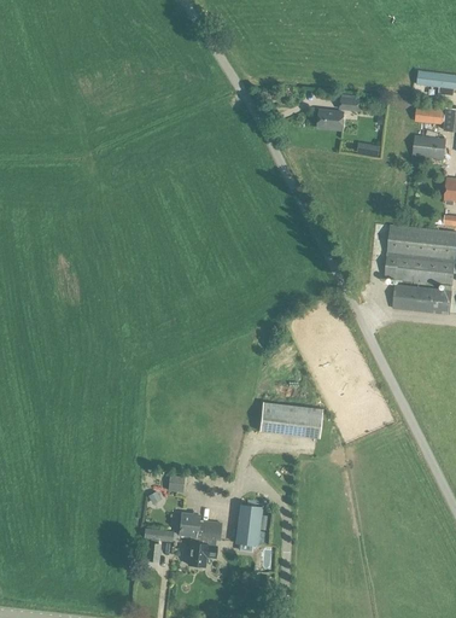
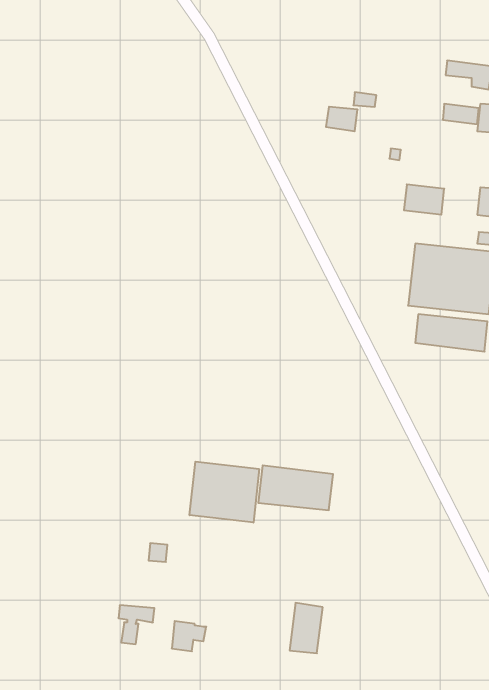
building: [411,133,445,158] -> [404,184,444,215]
building: none -> [190,462,259,523]
building: [234,502,262,544] -> [290,603,323,653]
building: [179,512,221,544] -> none

